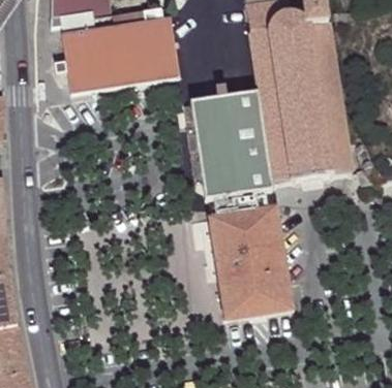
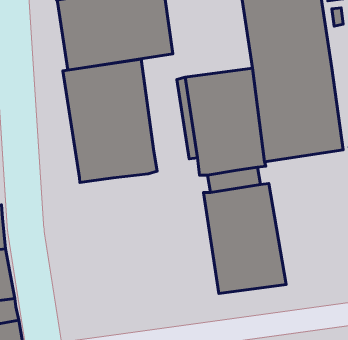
building: none -> [63,59,157,183]

